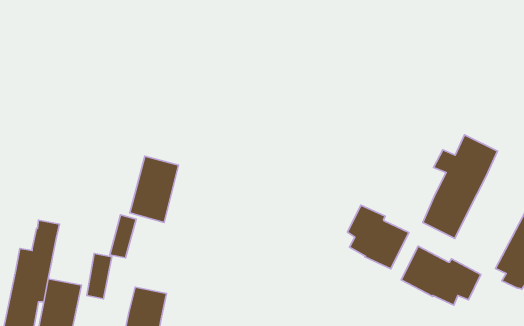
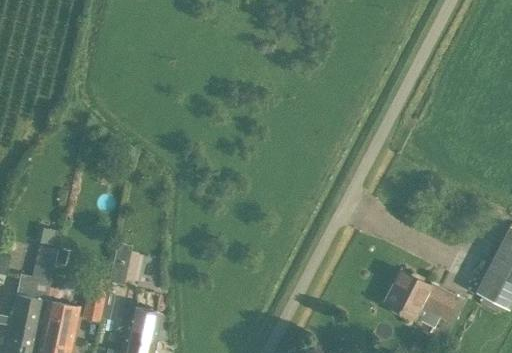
building: [423,135,498,238] -> none
building: [130,156,178,222] -> none
building: [347,205,409,269] -> none

